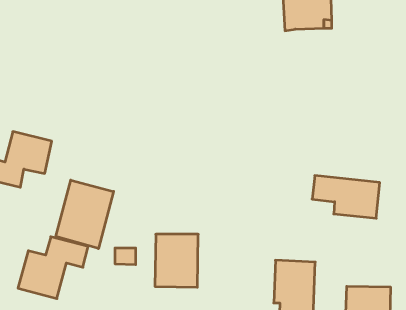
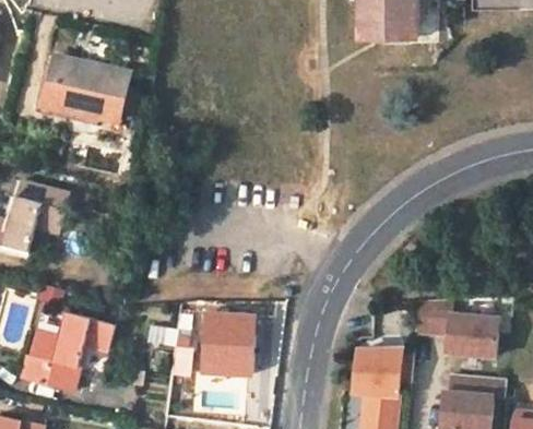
building: none -> [47,55,129,120]
building: [312,176,380,218] -> [414,305,499,358]
building: [56,180,114,249] -> none

